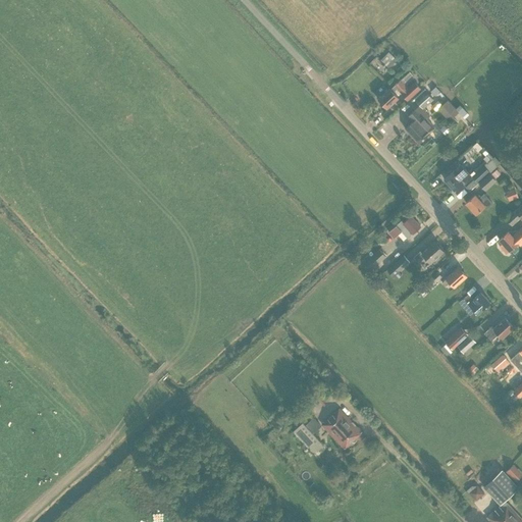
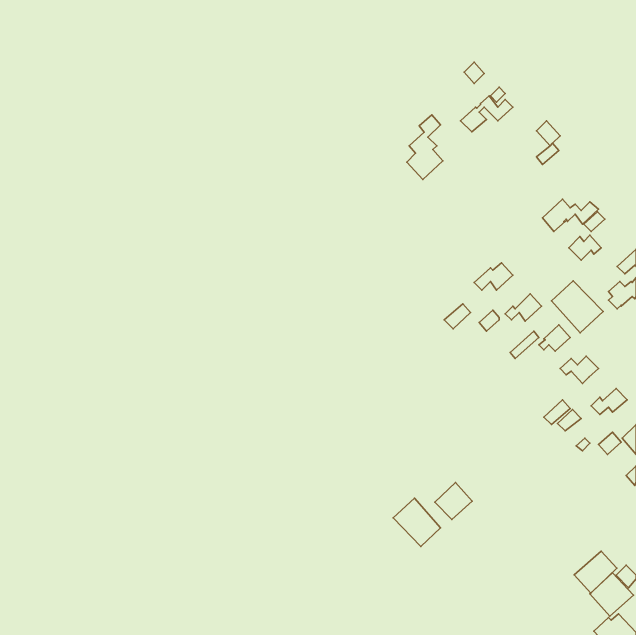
building: [405,91,434,144] -> [407,115,443,179]
building: none -> [551,281,603,333]
building: none -> [435,483,472,520]
building: [294,419,323,454] -> none
building: none -> [574,551,617,593]

